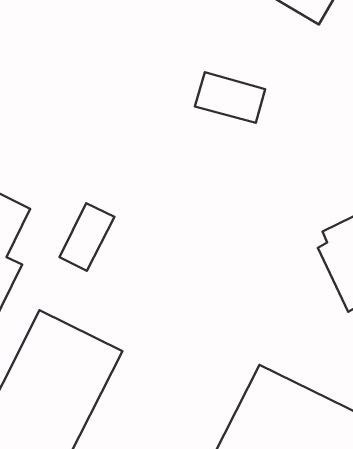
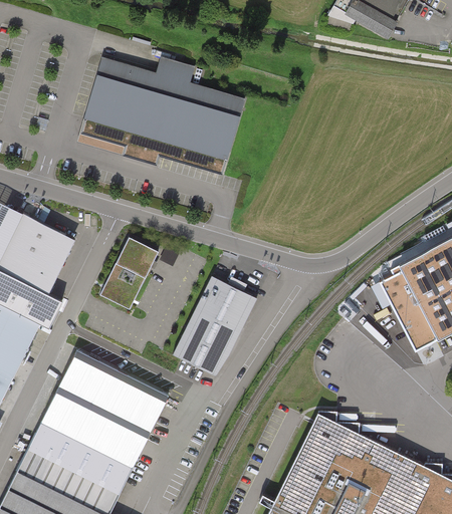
building: none -> [83,57,244,162]
building: [195,72,265,123] -> none
building: none -> [173,274,256,374]

